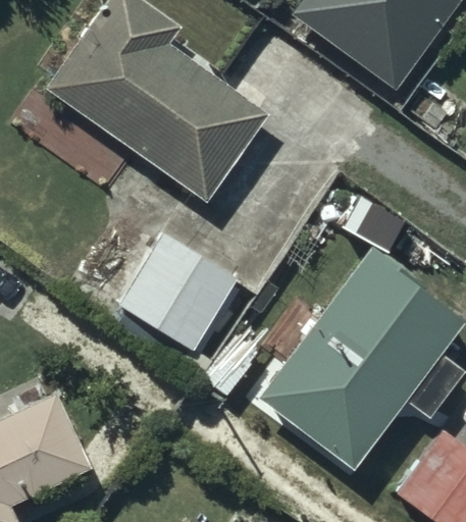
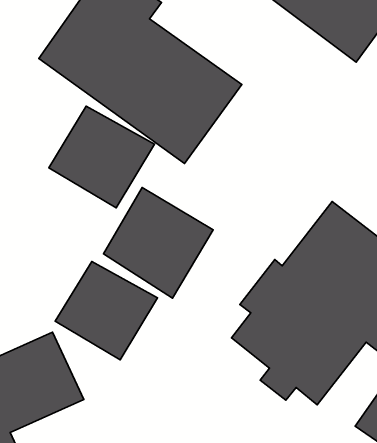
building: none -> [49,106,154,208]
building: none -> [55,261,158,360]

